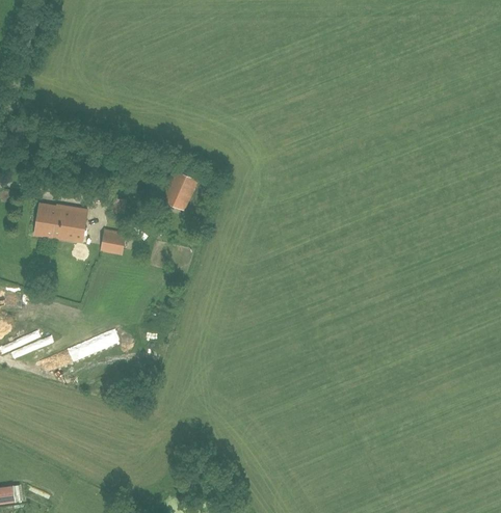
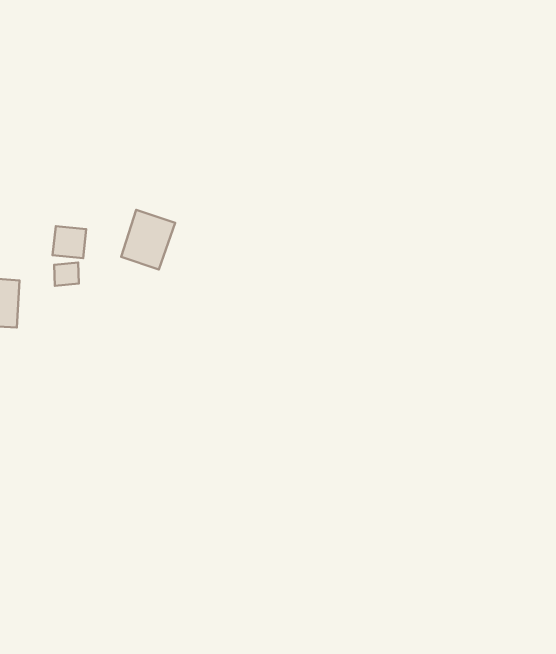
building: [100,232,125,255] -> [53,226,86,258]

